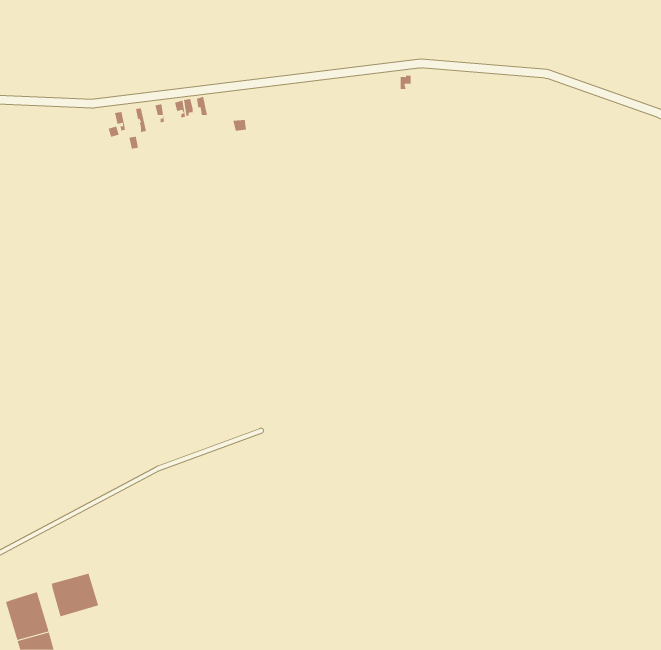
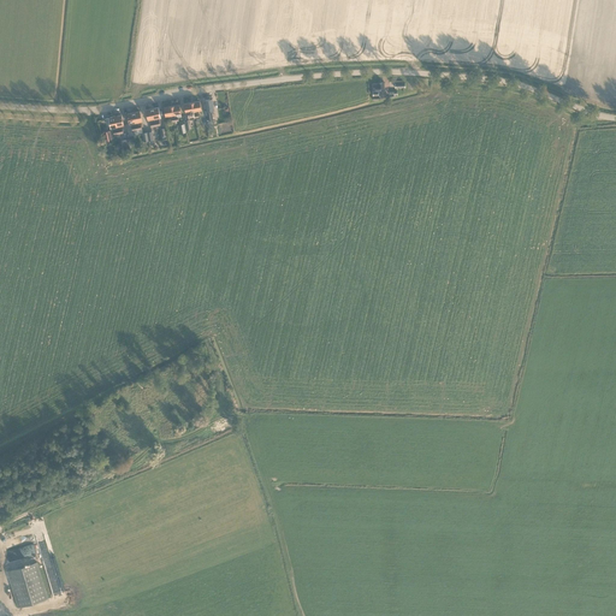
building: [51,573,99,617] -> none

